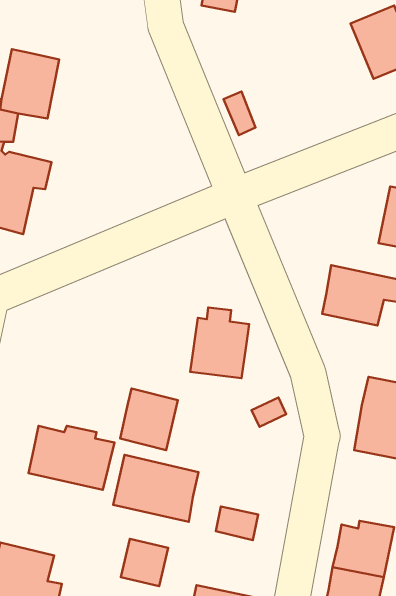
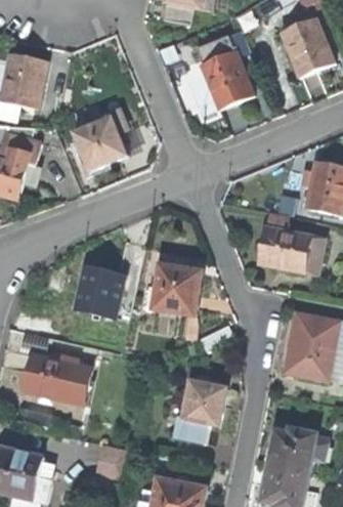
building: none -> [195,35,253,111]
building: none -> [75,109,127,169]
building: [120,389,178,450] -> [77,268,123,318]
building: [113,455,199,522] -> none
building: none -> [182,381,225,426]

